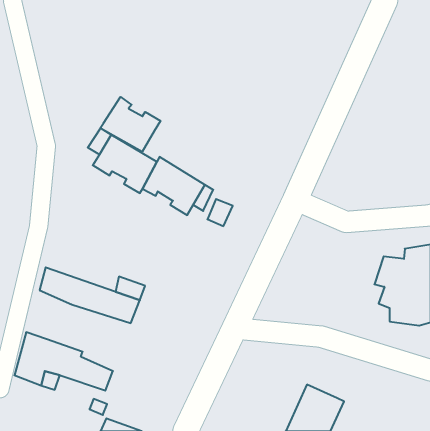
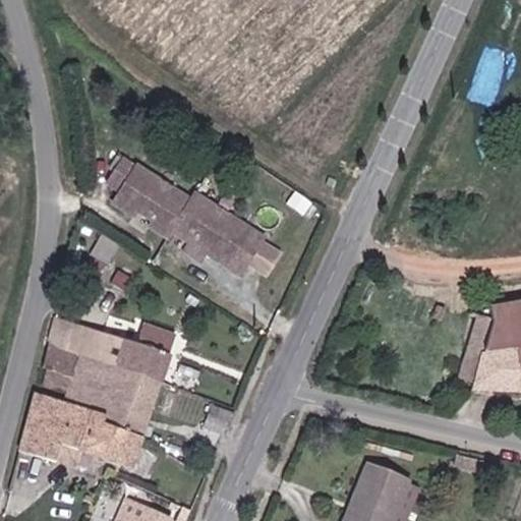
building: [100,97,160,152] -> none
building: none -> [40,350,159,448]

